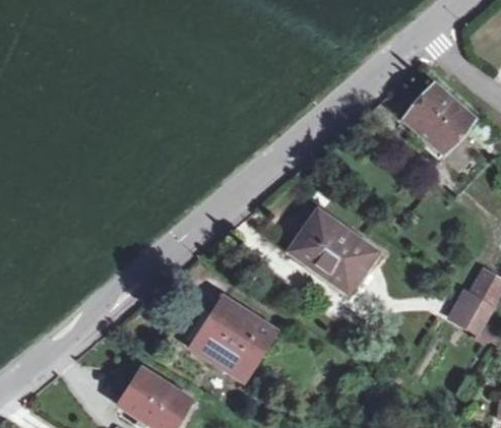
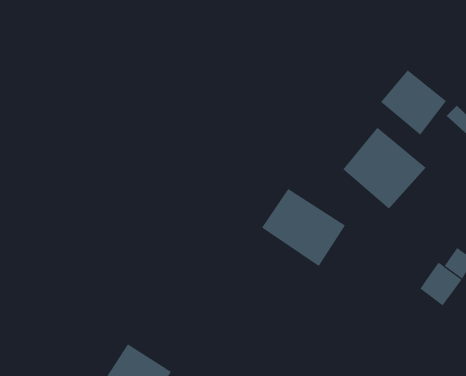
building: none -> [343,127,426,210]
building: [194,297,279,378] -> none

